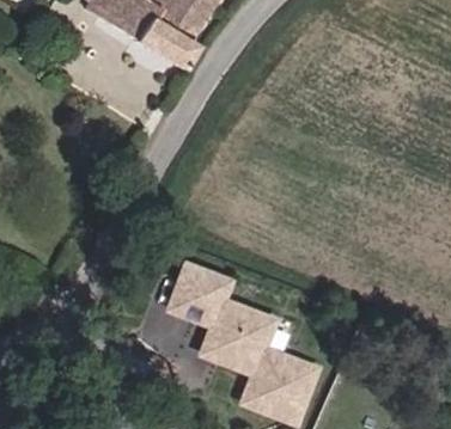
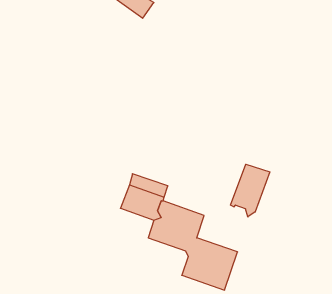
building: none -> [230,164,270,217]

